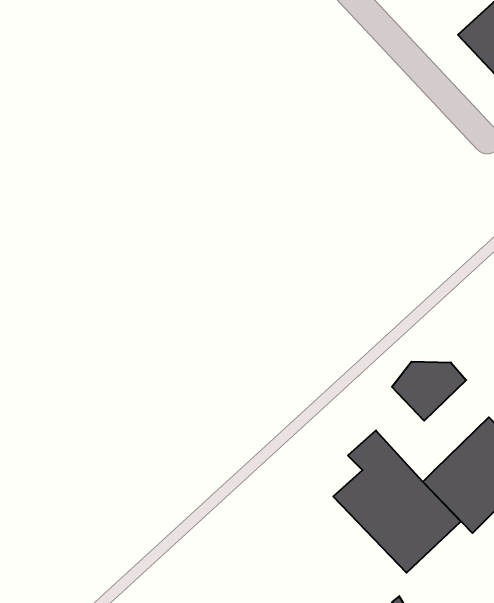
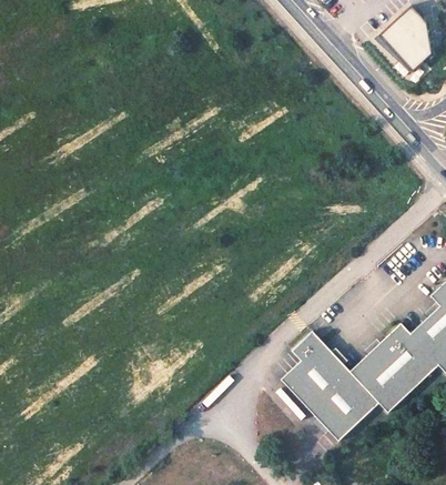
building: [392,362,466,421] -> none

